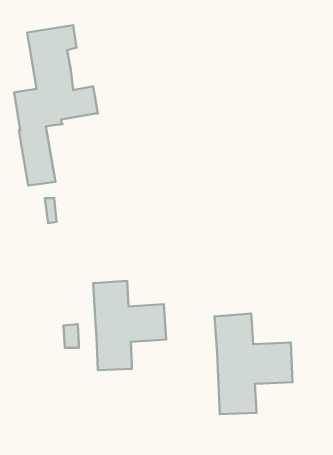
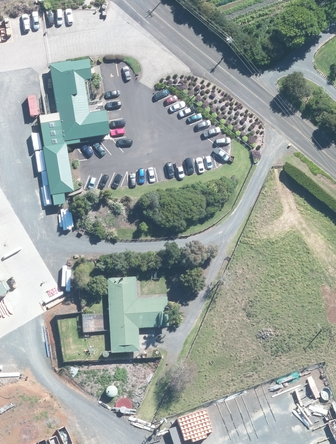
building: [215,314,293,414] -> none

